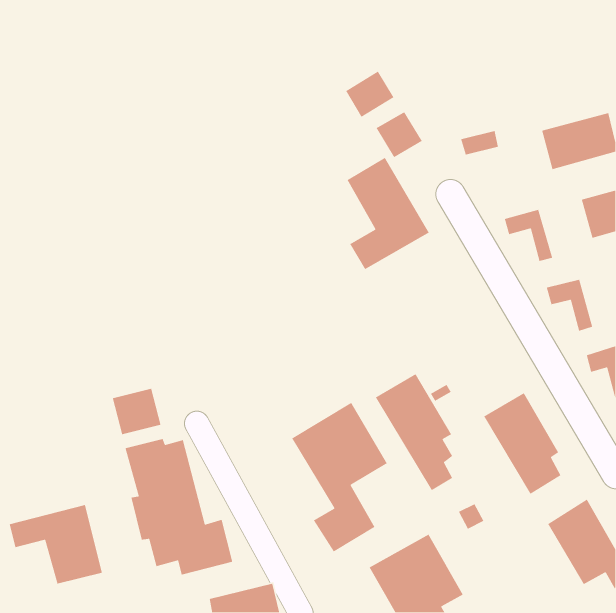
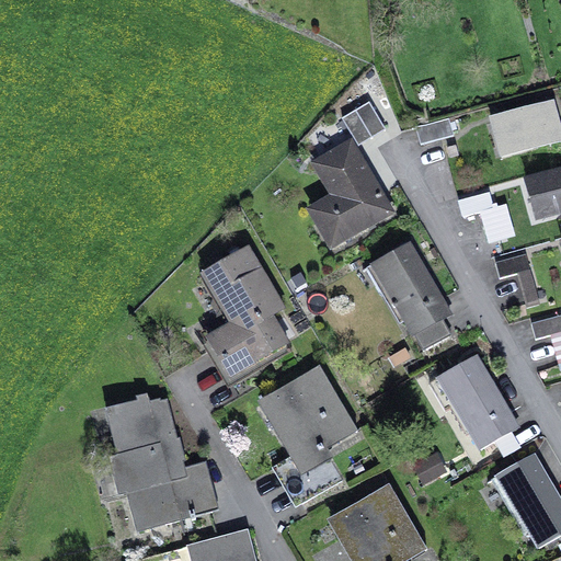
building: [345,70,395,118] -> none
building: none -> [202,249,291,377]
building: [375,373,453,491] -> [371,242,443,350]
building: [112,388,162,435] -> none
building: [9,504,103,585] -> none

